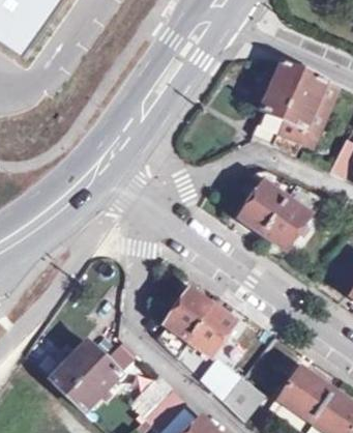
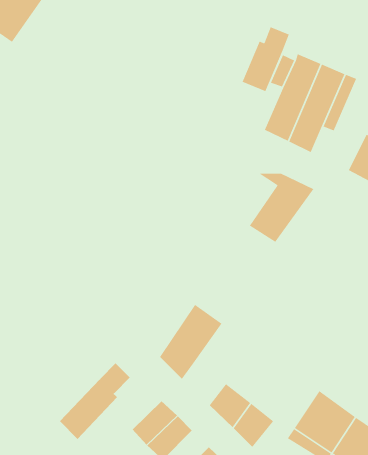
building: none -> [241,26,290,92]
building: [262,183,325,250] -> none
building: [188,306,238,358] -> none
building: [51,340,104,394] -> none

